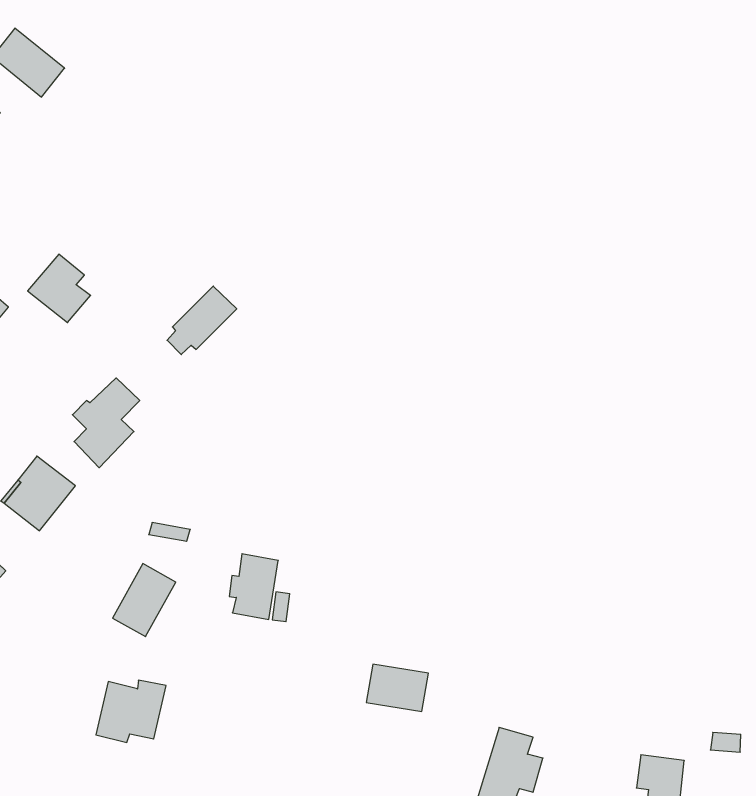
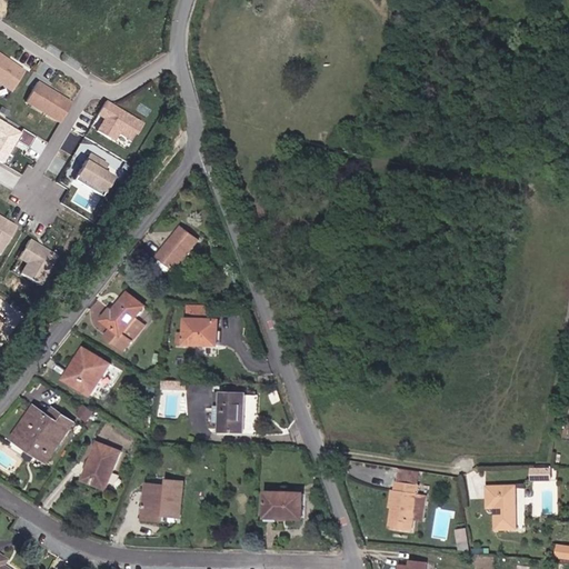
building: none -> [92,101,138,140]
building: [28,254,91,323] -> [69,153,109,196]
building: none -> [174,303,216,345]
building: [113,564,176,637] -> [81,442,118,488]
building: [366,664,428,711] -> [264,492,301,518]

